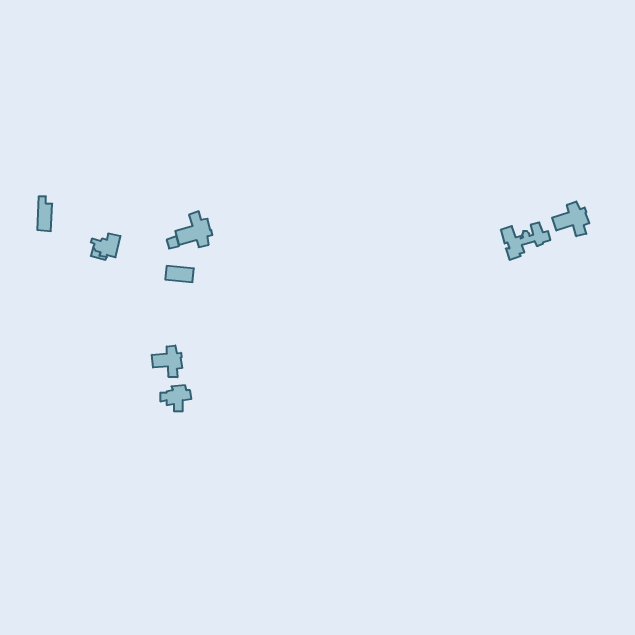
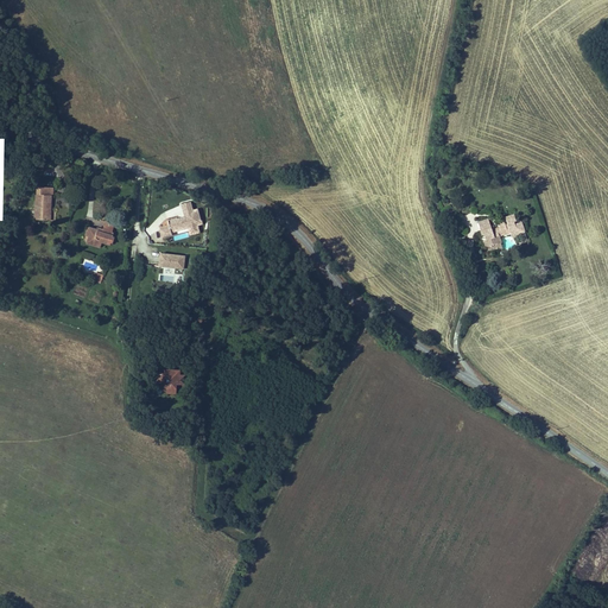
building: [552,201,589,236] -> none
building: [152,345,182,377] -> none

